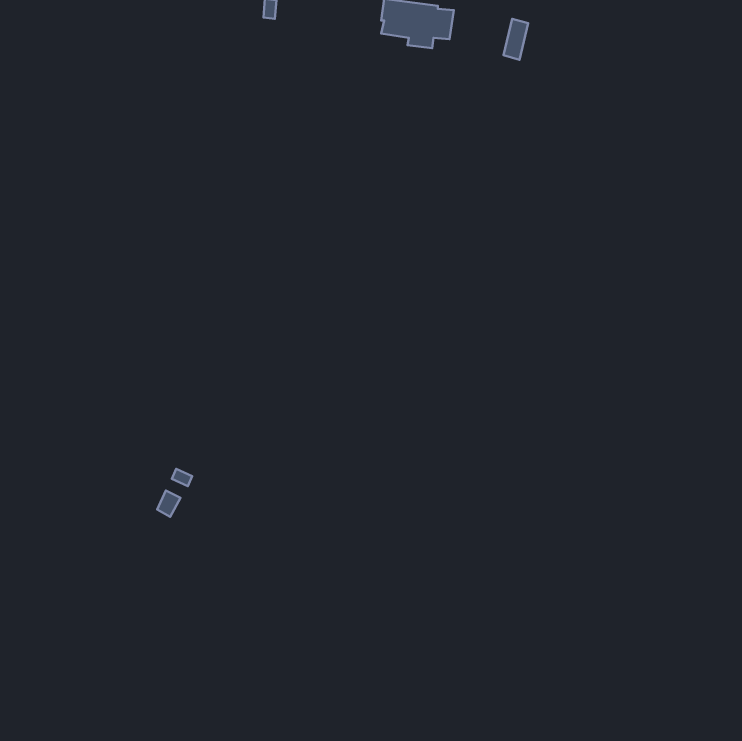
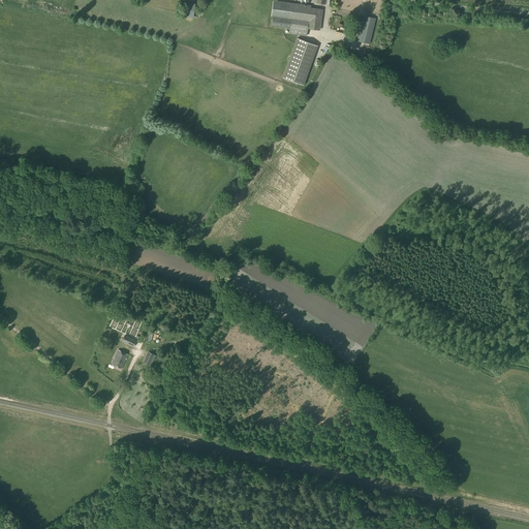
building: none -> [283,36,318,83]

